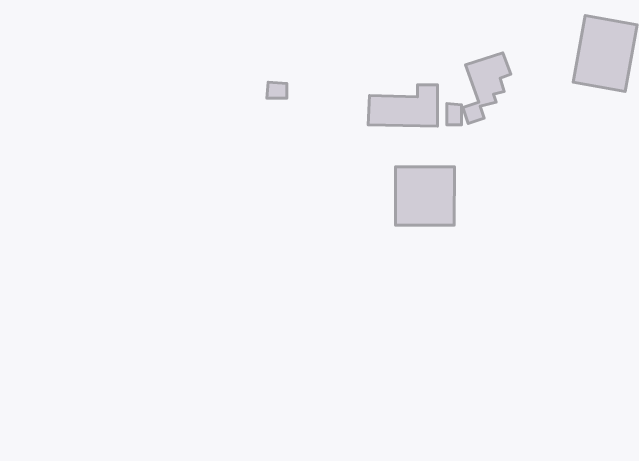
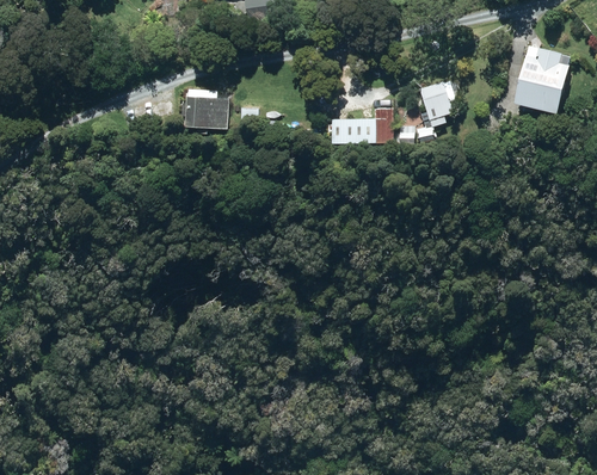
building: none -> [184,90,228,130]
building: [395,167,454,225] -> none

